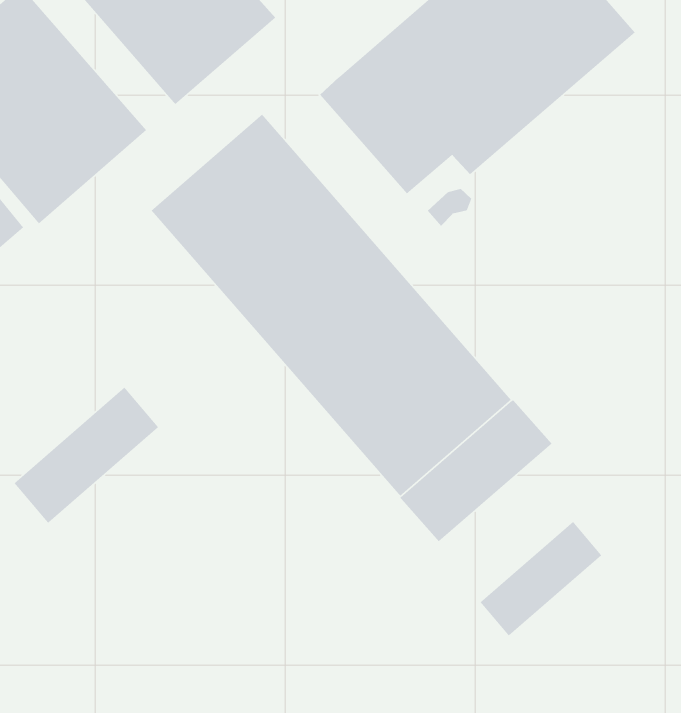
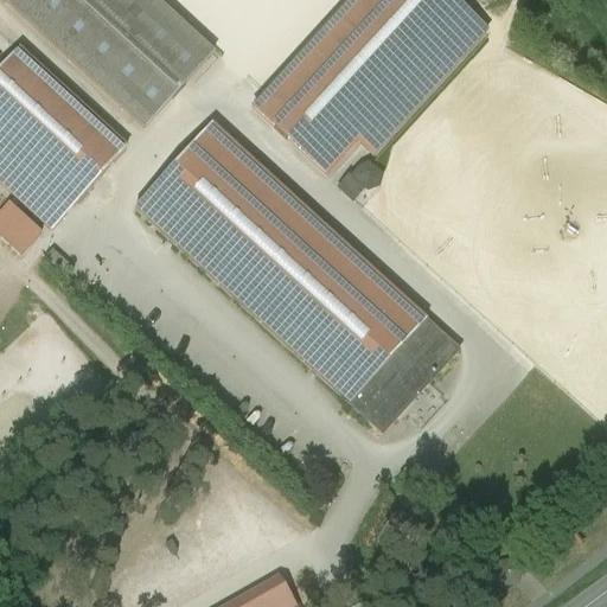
building: [13,386,159,525] -> none
building: [479,521,602,637] -> none

